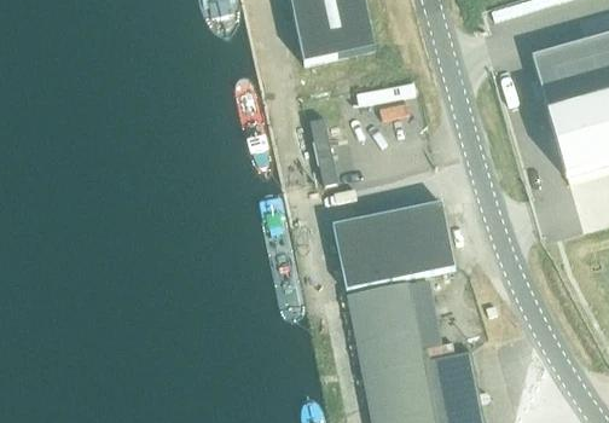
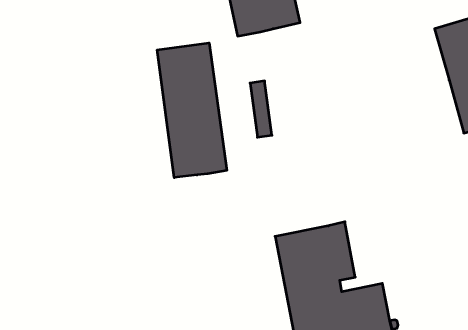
building: none -> [157,43,227,178]
building: [335,201,457,288] -> none

